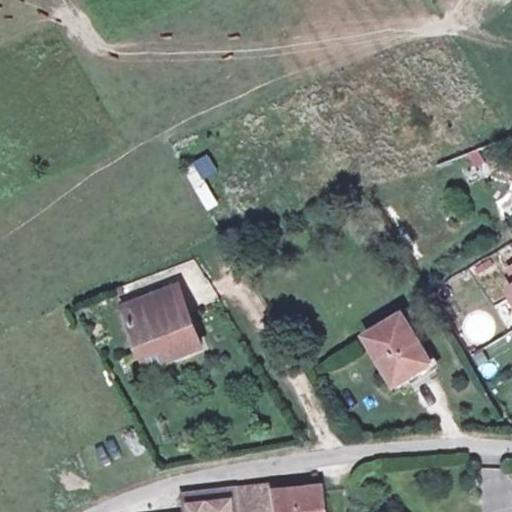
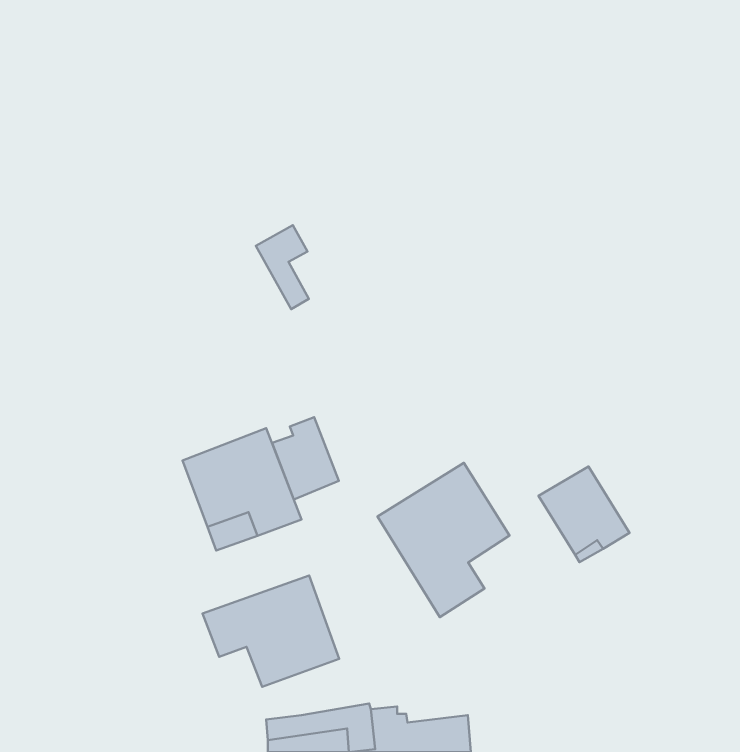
building: none -> [272,417,339,500]
building: none -> [377,463,510,617]
building: none -> [203,575,339,687]

